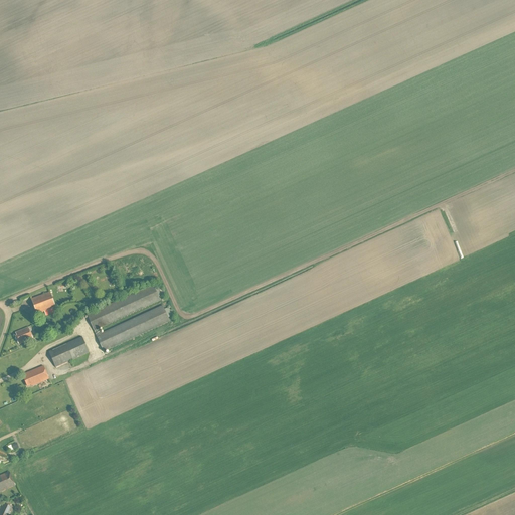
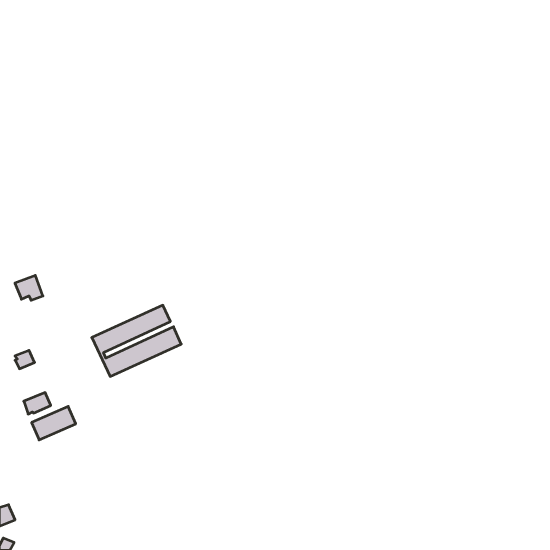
building: [30,292,56,315] -> [15,275,43,300]
building: [47,336,89,367] -> [32,406,76,440]

